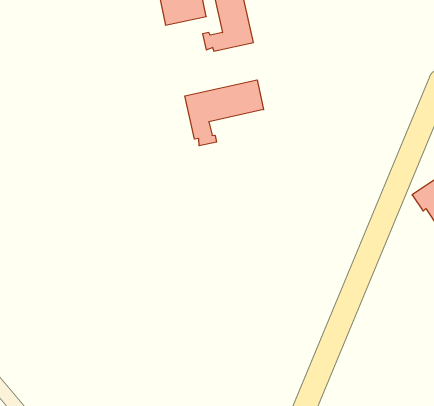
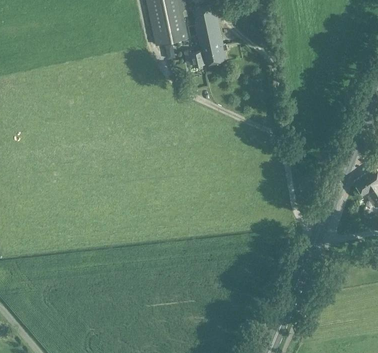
building: [185,80,264,146] -> none

